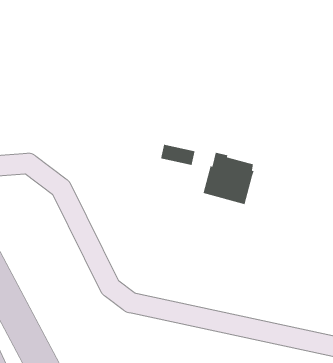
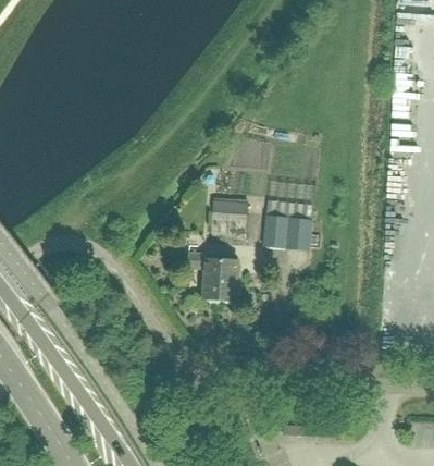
building: none -> [188,254,238,299]

